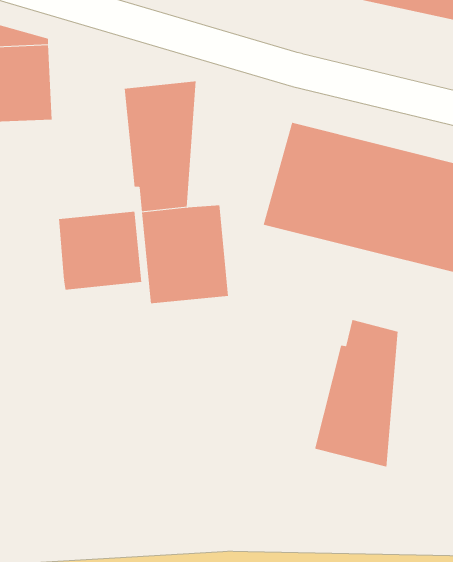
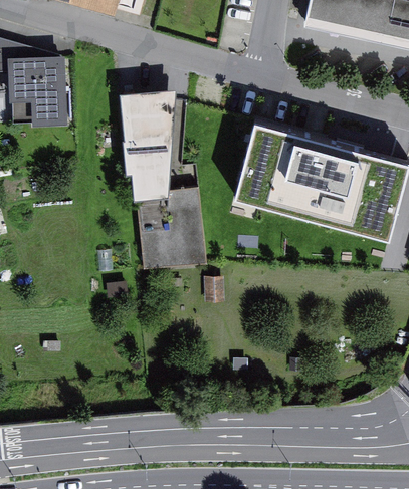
building: [58,211,142,290] -> none
building: [315,319,398,467] -> none

